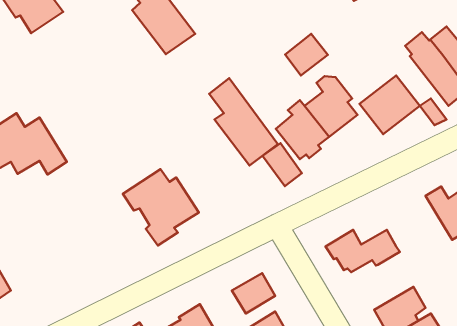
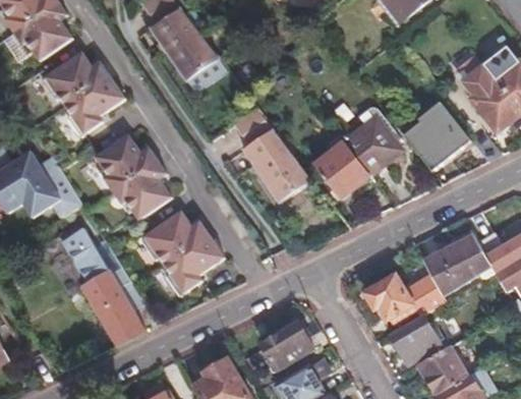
building: none -> [44,51,127,134]
building: [285,34,328,75] -> none
building: none -> [96,133,172,219]
building: [263,143,302,186] -> none
building: none -> [59,230,142,344]
building: none -> [422,235,496,295]
building: none -> [390,316,440,364]

